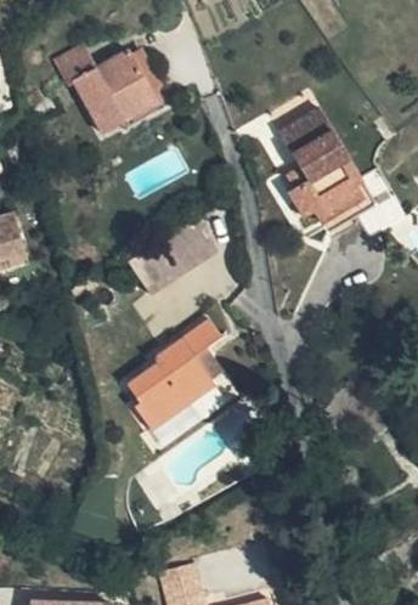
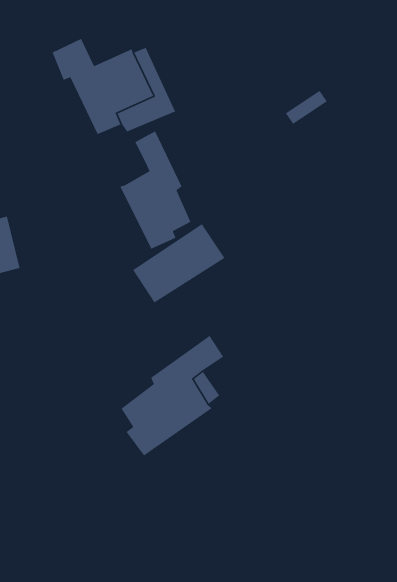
building: [275,112,373,239] -> none
building: none -> [119,130,191,250]

